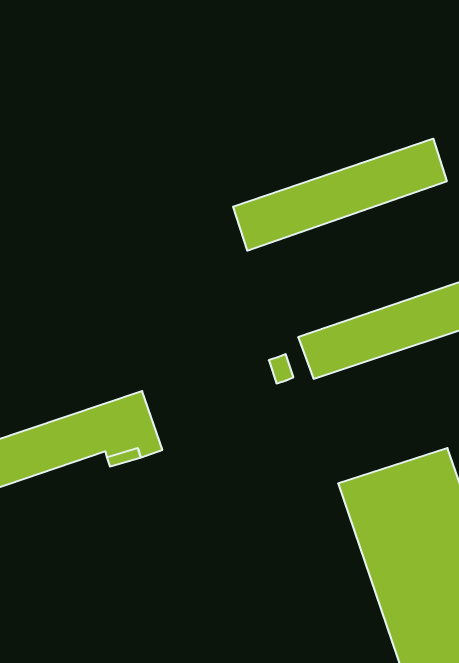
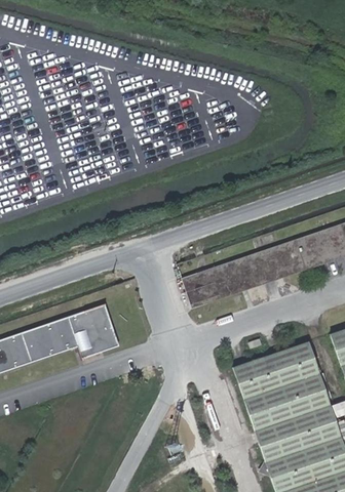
building: [233,139,447,251] -> none
building: none -> [191,270,218,303]

